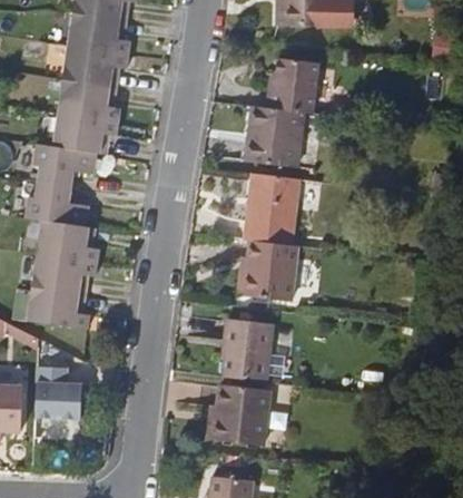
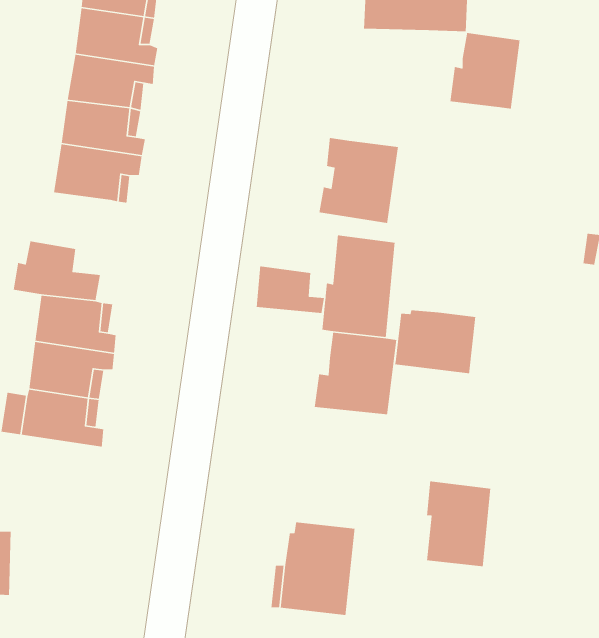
building: [266,53,317,109] -> [450,32,521,109]
building: [31,138,93,182] -> none
building: none -> [256,266,325,314]
building: none -> [394,310,476,374]
building: [227,321,274,383] -> [426,481,491,567]
building: [36,367,81,419] -> none

